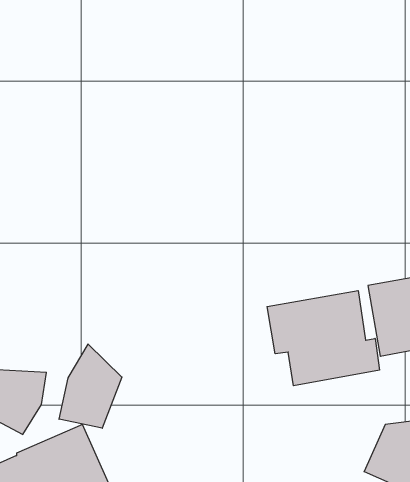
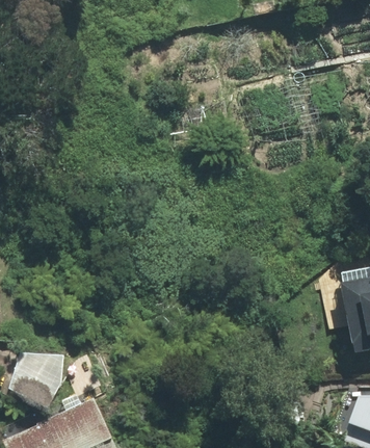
building: [267,291,379,386] -> none
building: [59,344,122,428] -> none

